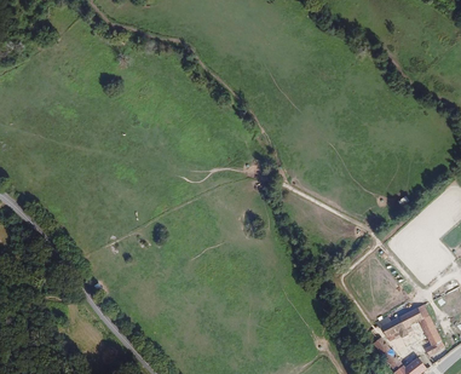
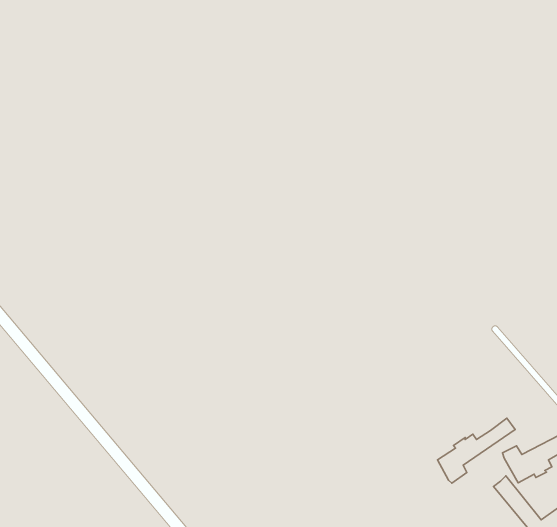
building: none -> [438,418,515,483]

